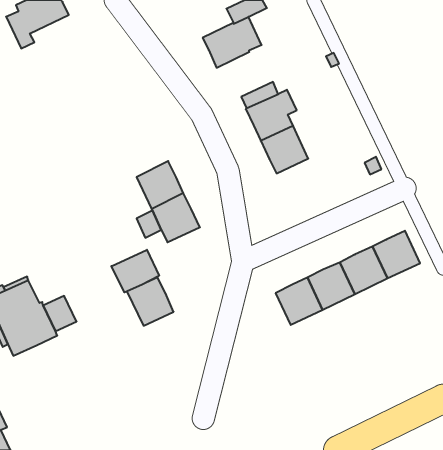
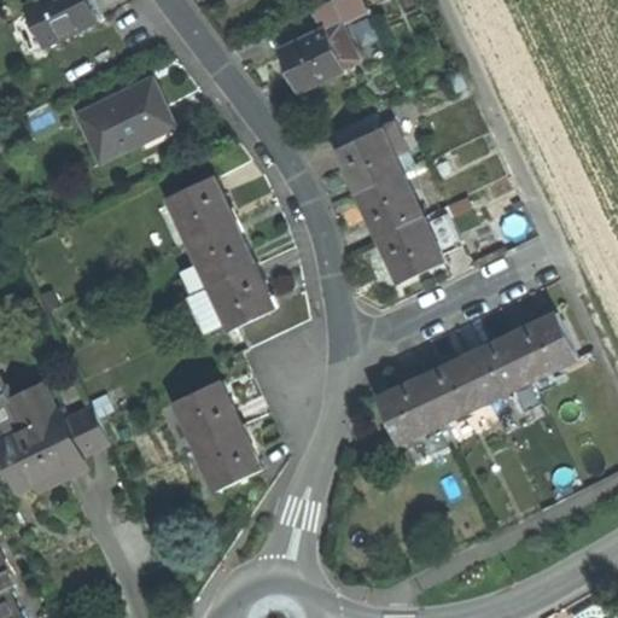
building: none -> [76,82,173,165]
building: none -> [165,176,231,243]
building: none -> [379,210,468,282]
building: [111,250,159,292] -> none
building: none -> [197,427,258,489]

